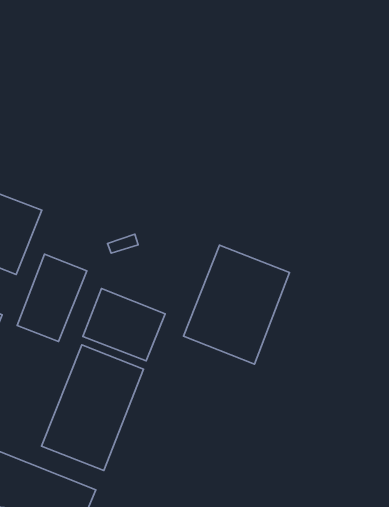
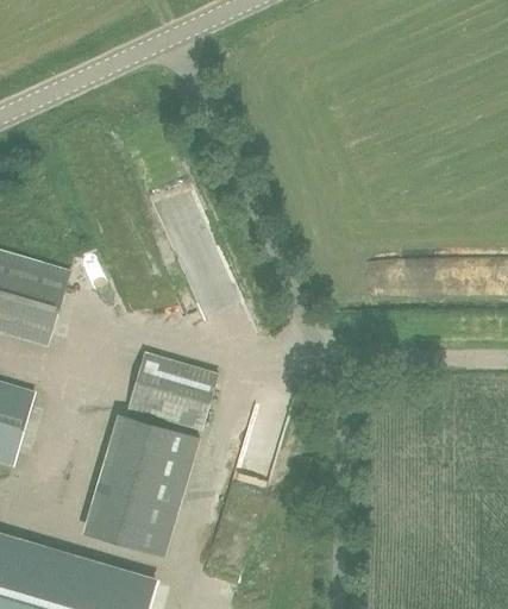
building: [183,245,290,364] -> none
building: [17,254,87,341] -> none

